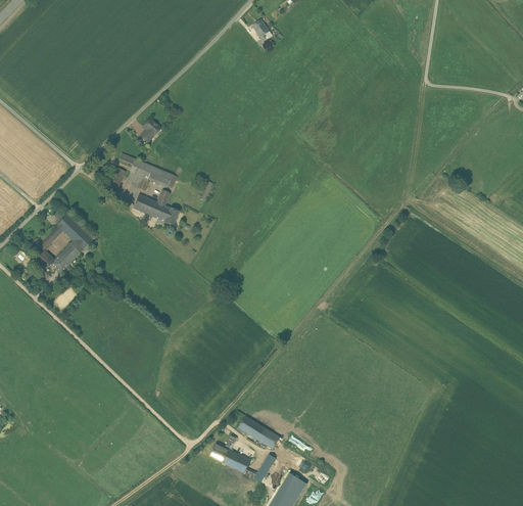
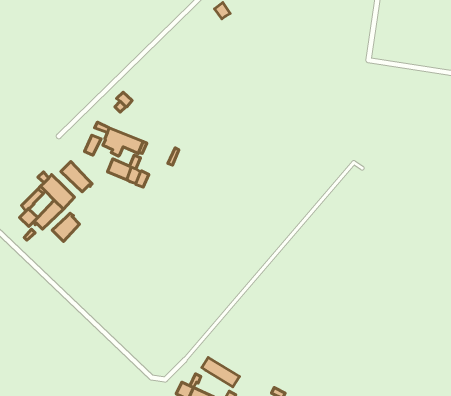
building: none -> [61,161,92,192]
building: none -> [52,213,80,241]

